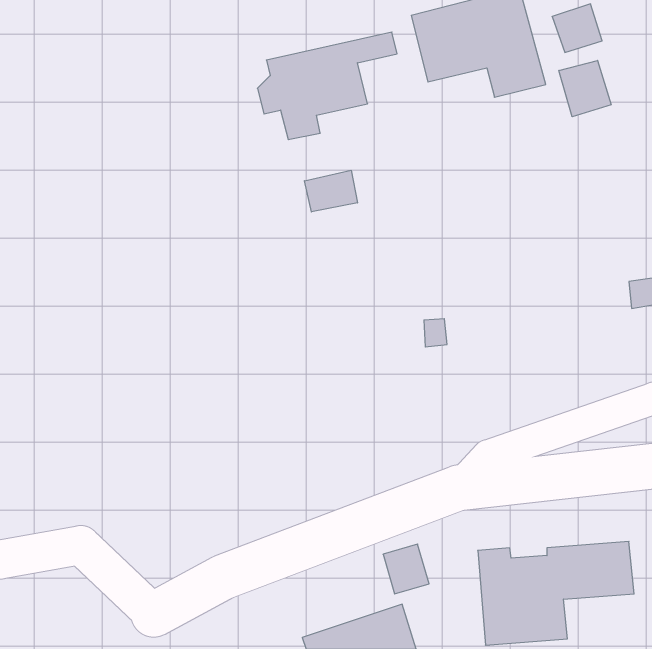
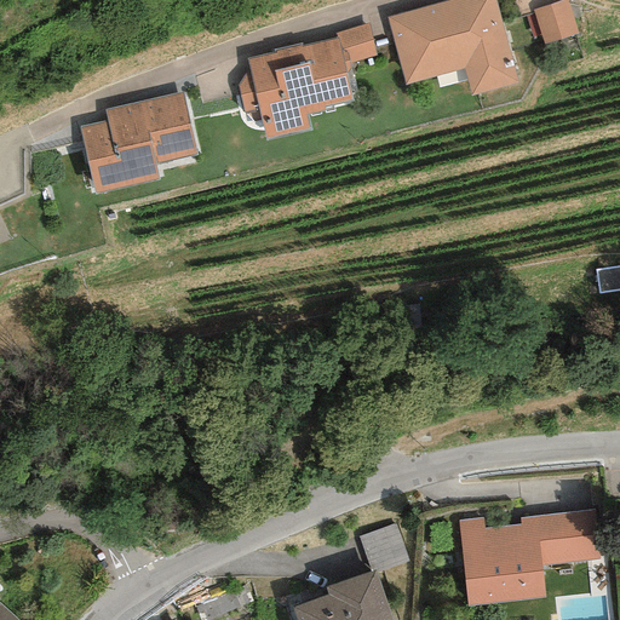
building: [559,60,611,117] -> none
building: none -> [85,93,193,188]
building: [304,170,357,212] -> none

